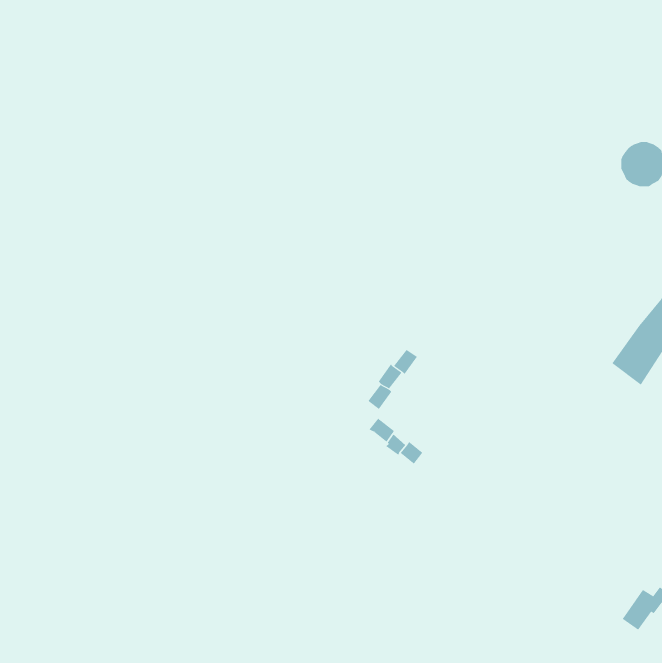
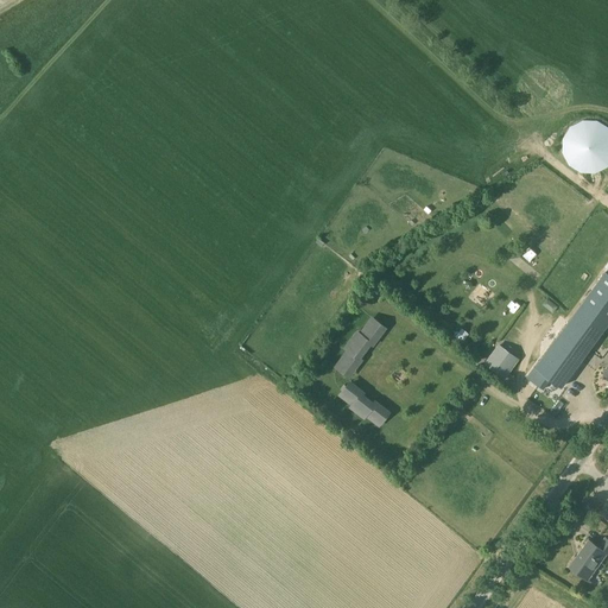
building: none -> [527,332,588,391]
building: none -> [487,346,519,379]

